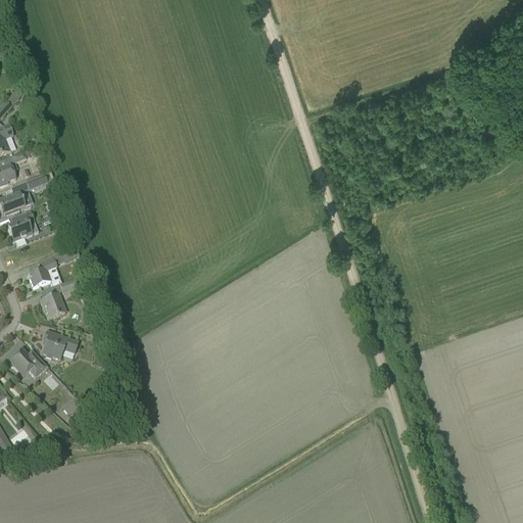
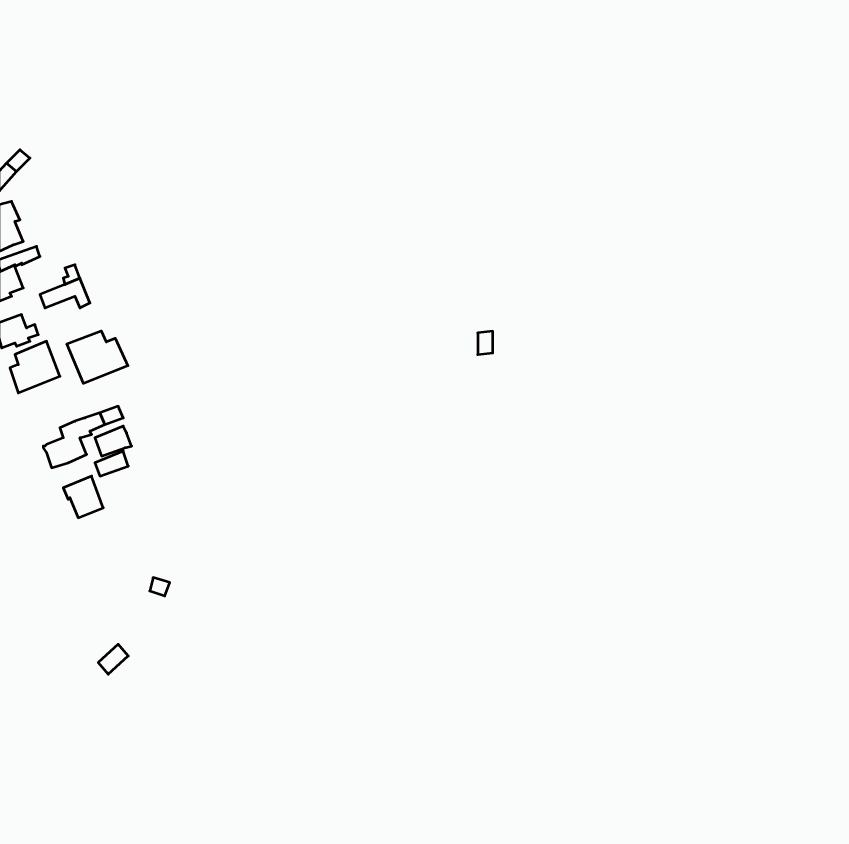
building: none -> [67,331,128,383]
building: [40,329,78,359] -> none
building: [7,347,46,377] -> none

